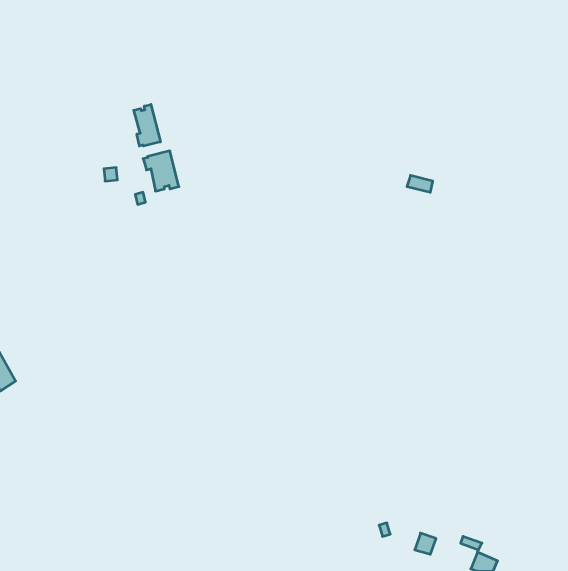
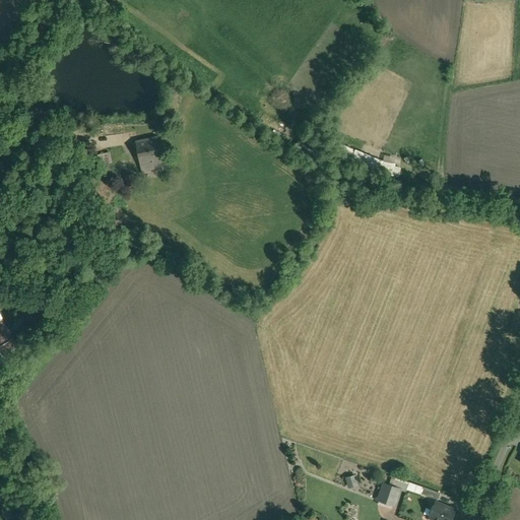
building: [134,104,160,146] -> none

